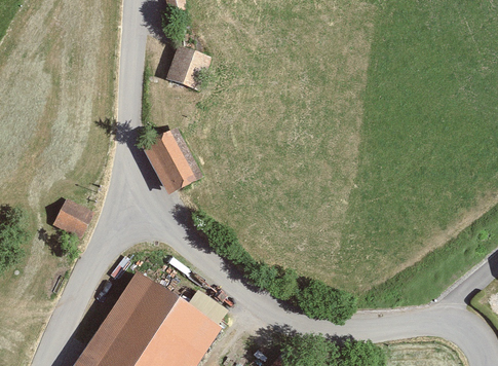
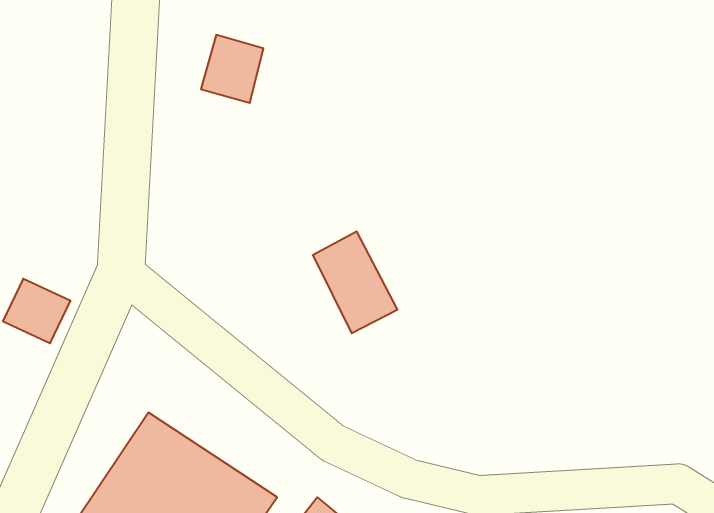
building: [147,132,198,193] -> [313,232,397,333]

